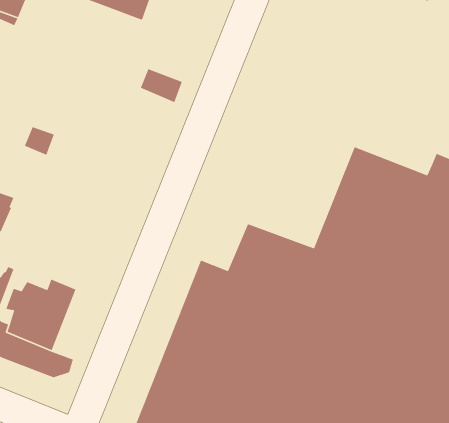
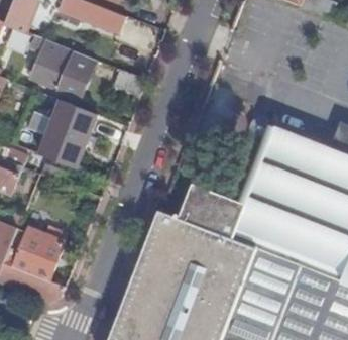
building: none -> [30,36,95,98]
building: none -> [39,99,97,167]

